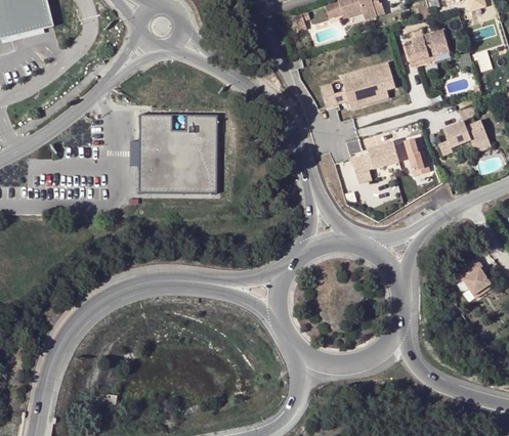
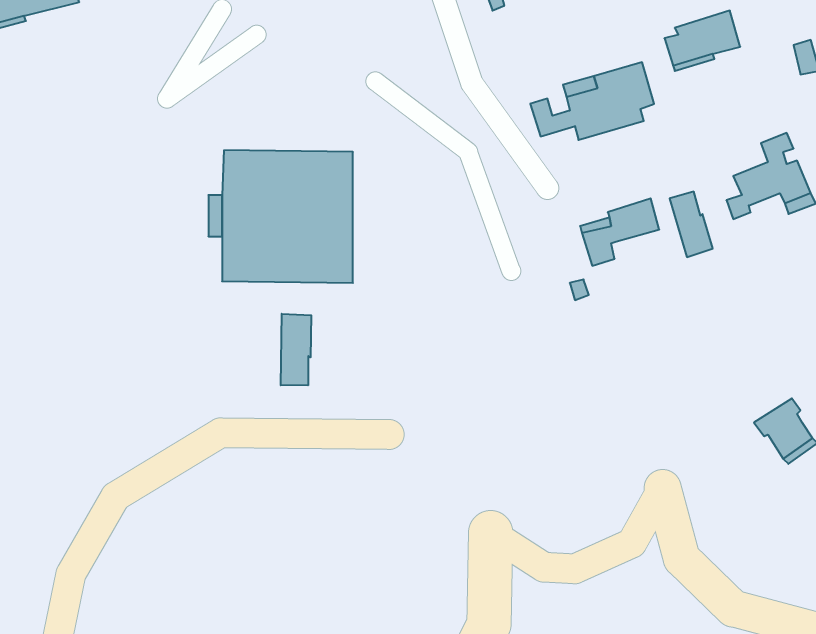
building: none -> [281,314,311,385]

